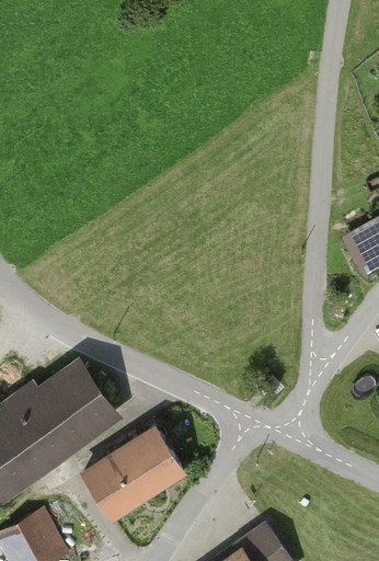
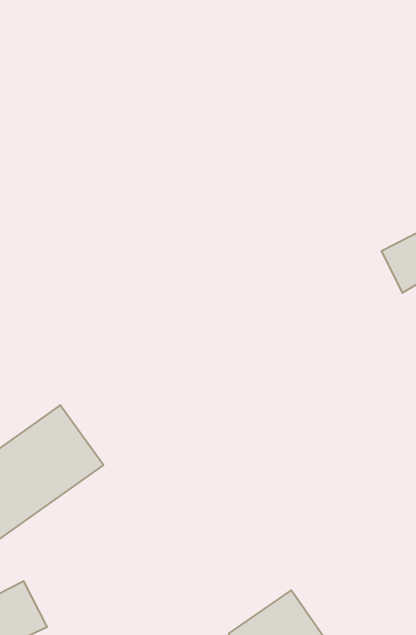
building: [83,431,181,515] -> none

